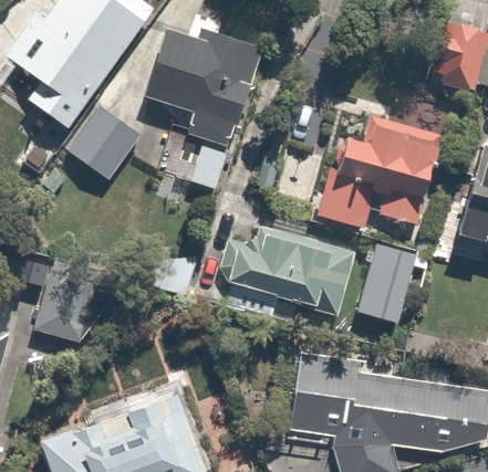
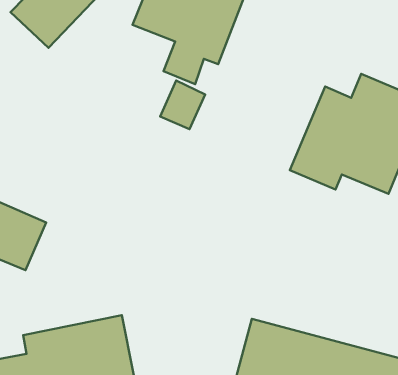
building: [63,104,137,179] -> none
building: [227,222,352,312] -> none
building: [356,243,414,321] -> none

